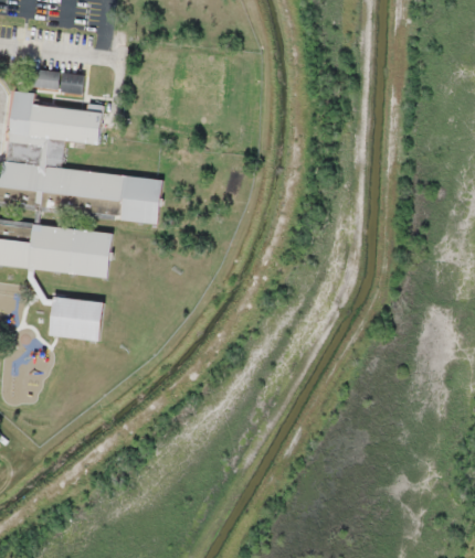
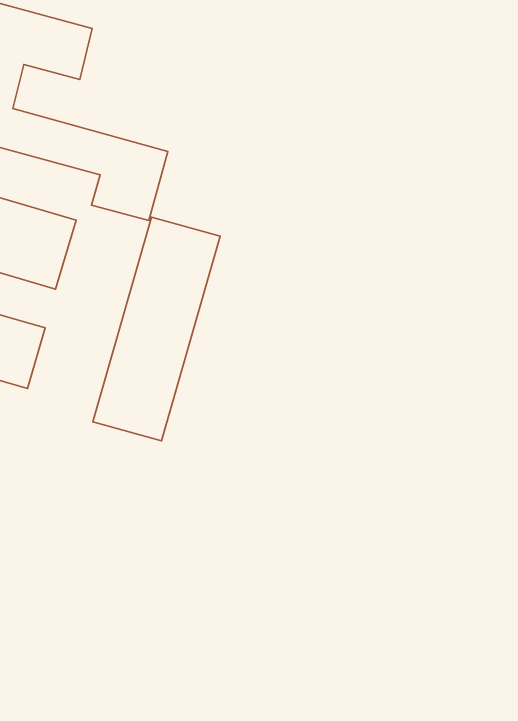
building: none -> [93,217,220,441]

